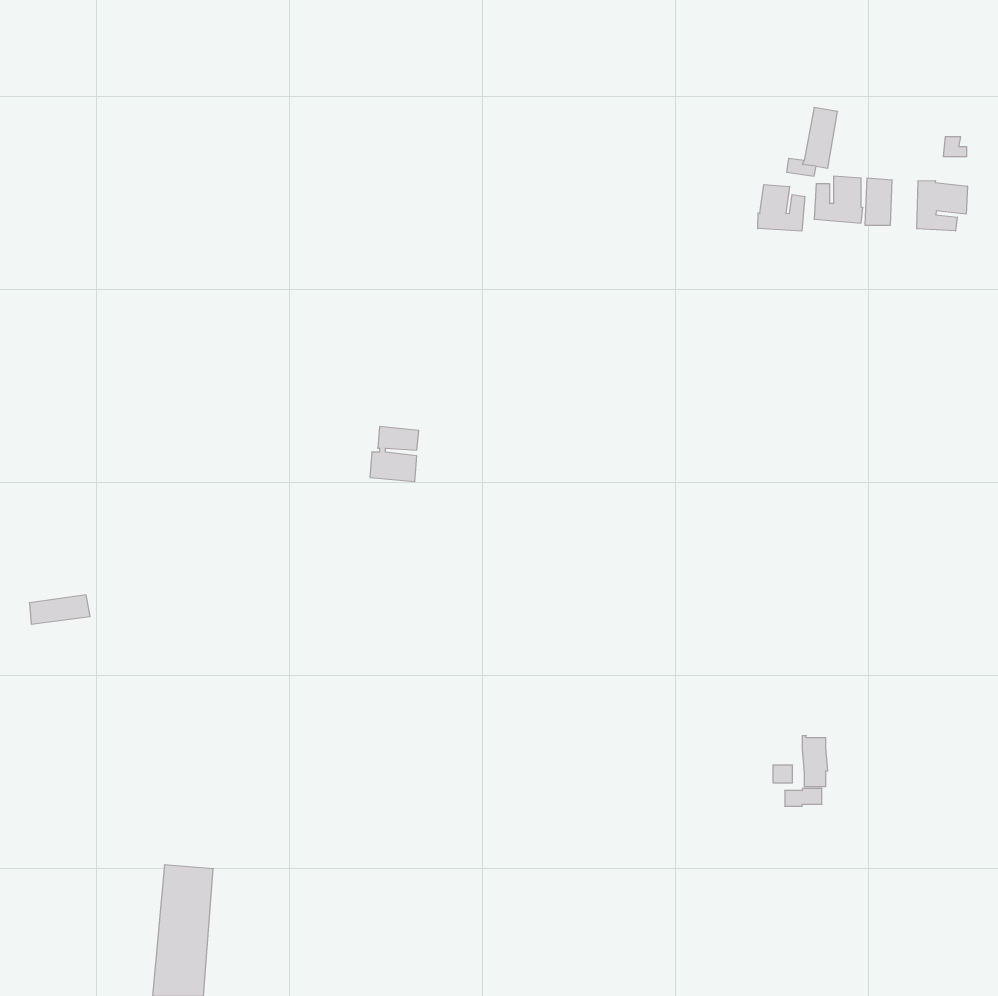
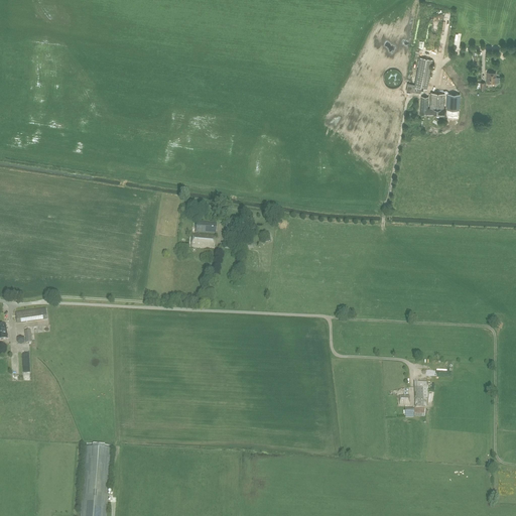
building: [917,181,967,231] -> none
building: [758,185,805,231] -> none

